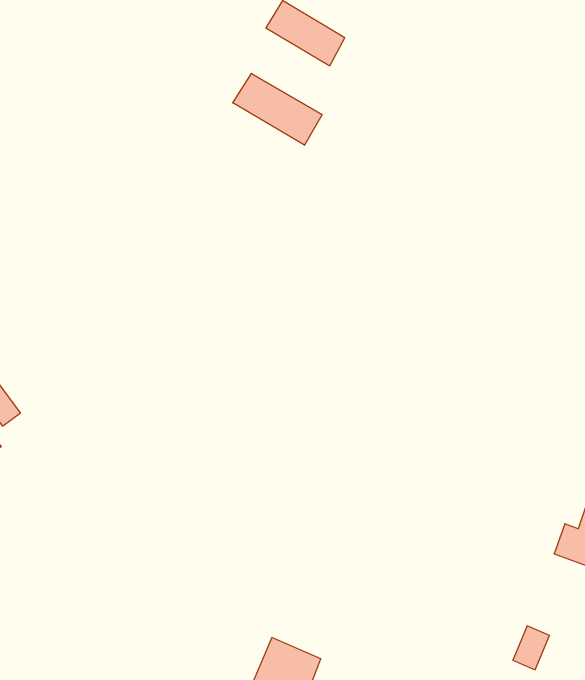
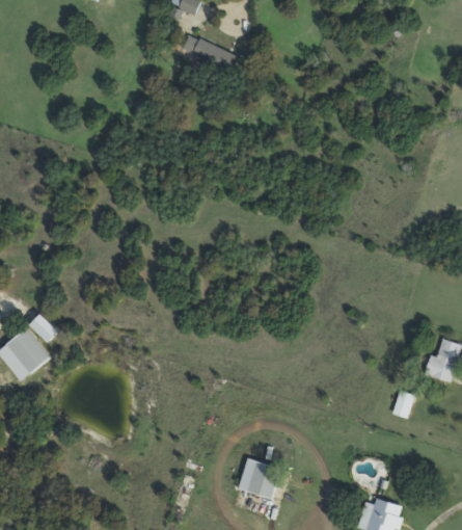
building: [233,73,322,145] -> none
building: [513,626,550,670] -> [392,390,414,418]

